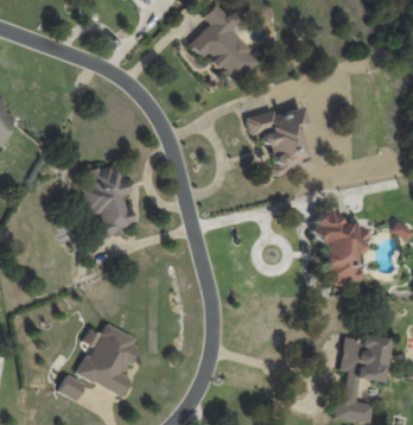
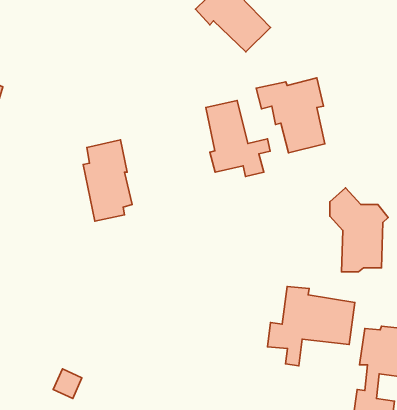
building: none -> [206,100,270,176]
building: none -> [267,287,355,366]
building: [78,324,139,395] -> none

